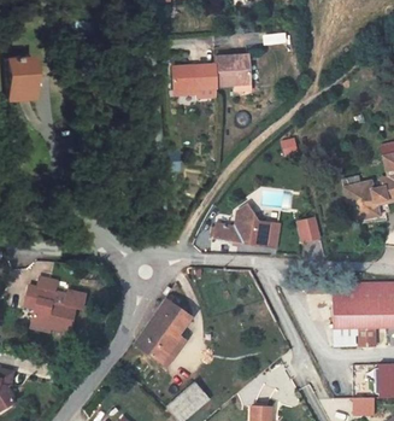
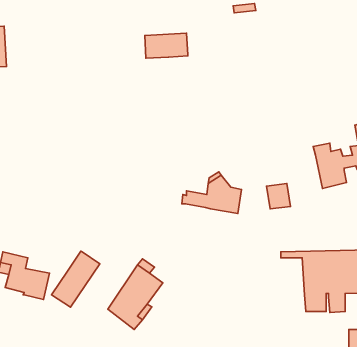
building: [216,54,251,86] -> none
building: none -> [52,251,100,307]

